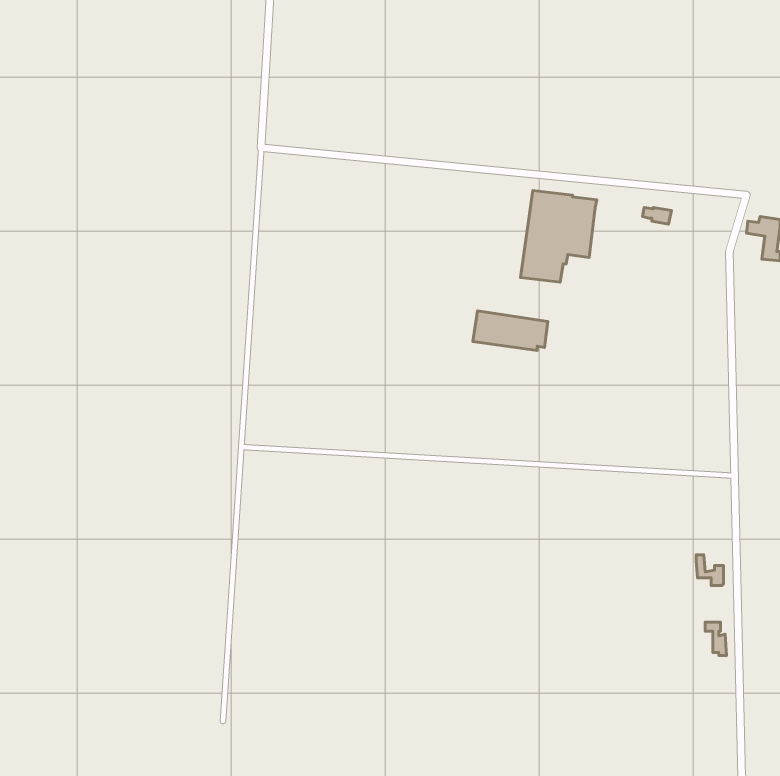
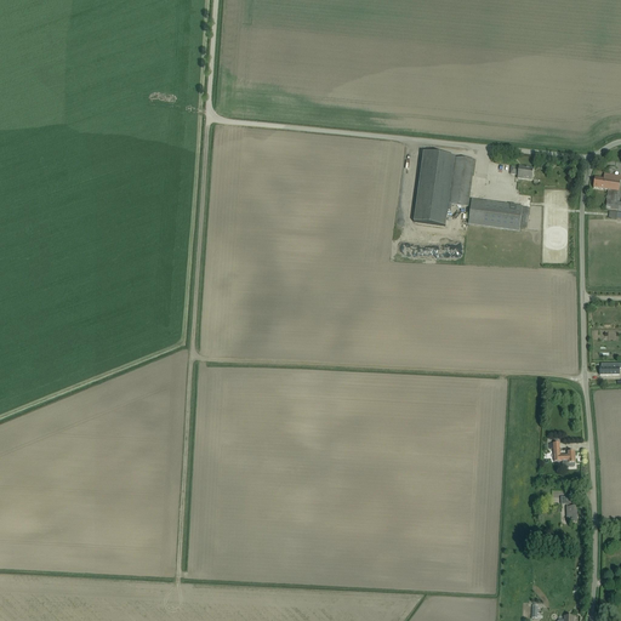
building: [473,311,548,351] -> [468,198,528,229]

